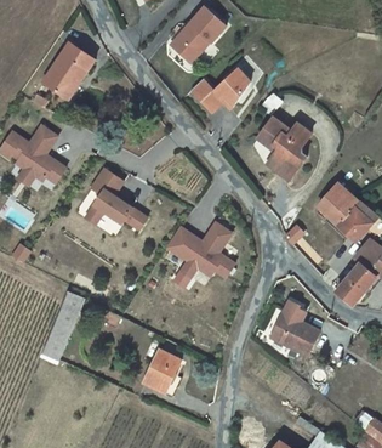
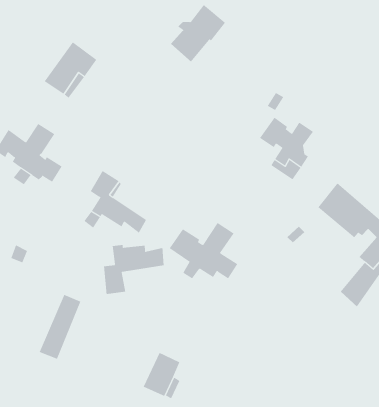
building: [188,68,247,114] -> none
building: none -> [103,244,164,295]
building: [269,300,317,350] -> none

